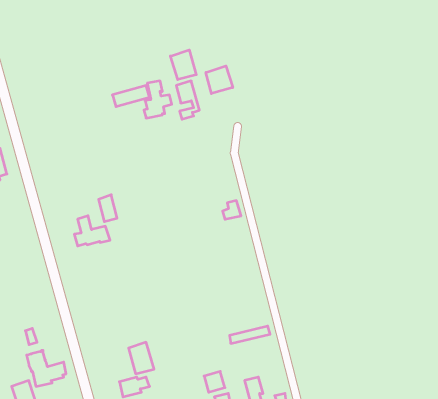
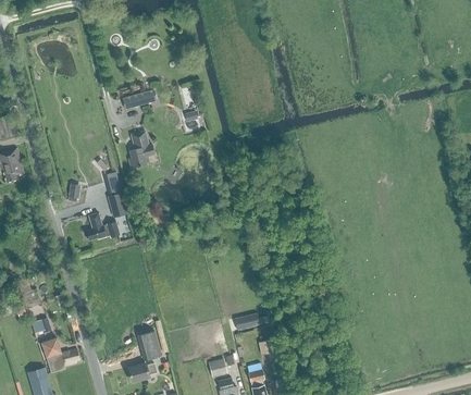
building: [170,50,196,80] -> none
building: [206,66,233,94] -> none
building: [144,81,172,118] -> [127,132,153,166]

